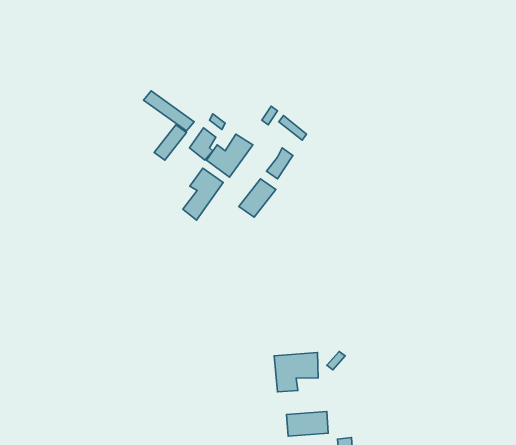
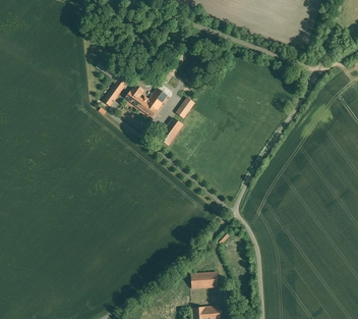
building: [183,168,223,220] -> none
building: [274,352,318,392] -> none

